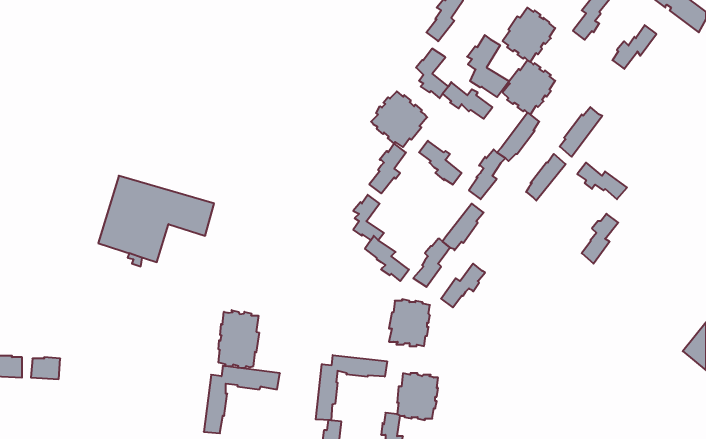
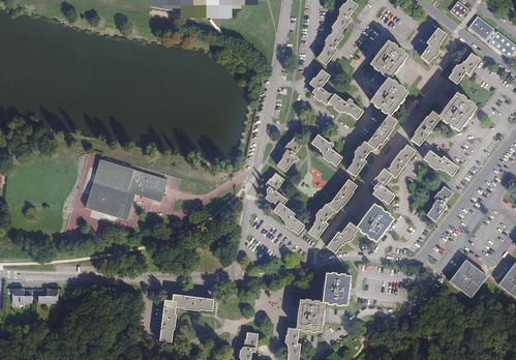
building: [467,35,509,97] -> none
building: none -> [438,92,476,130]
building: [371,91,427,147] -> none
building: none -> [371,169,394,204]
building: none -> [356,203,393,242]
building: [389,299,430,346] -> [322,272,351,305]
building: [219,310,259,368] -> none
building: none -> [449,260,486,297]
building: [316,355,387,420] -> none

